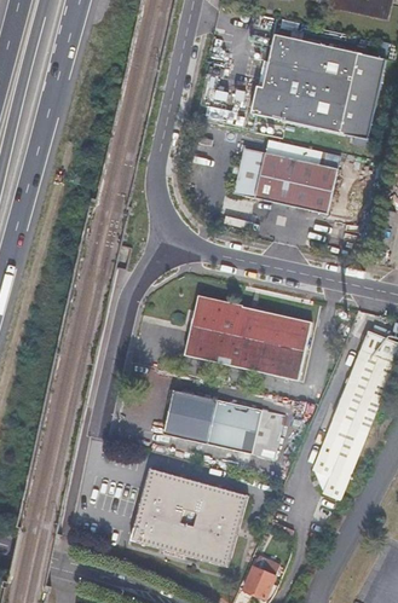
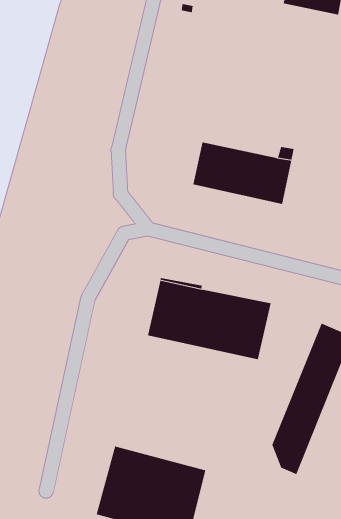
building: [244,34,379,138] -> none
building: [165,388,284,457] -> none

